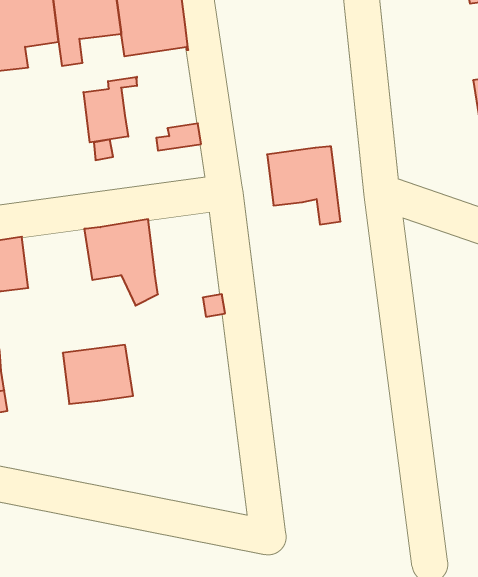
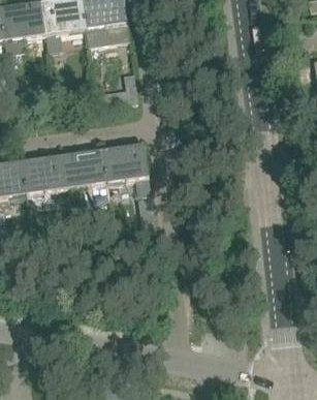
building: [83,77,137,142] -> none
building: [267,146,341,225] -> [103,144,151,194]
building: [63,345,133,404] -> [22,155,67,193]

